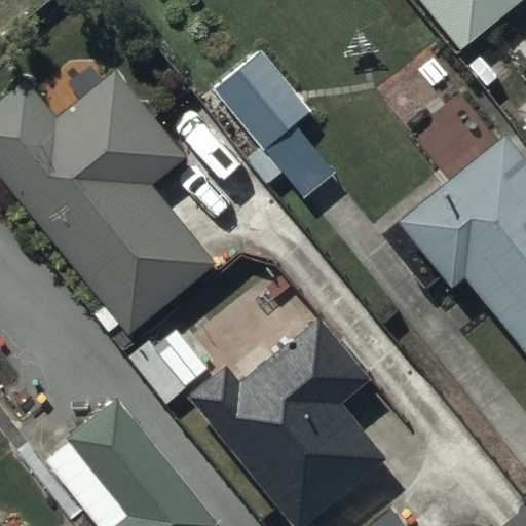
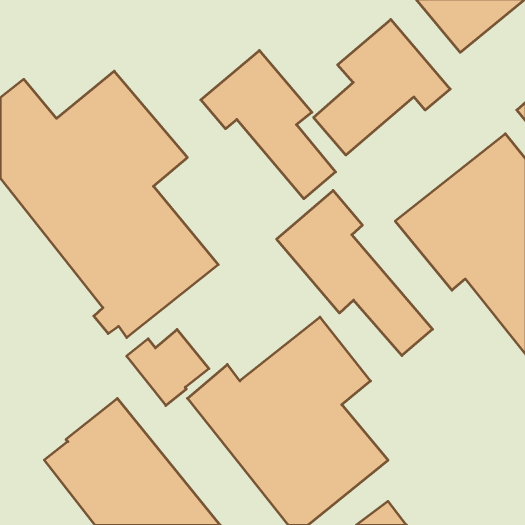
building: none -> [314,19,450,155]
building: none -> [277,190,433,356]

